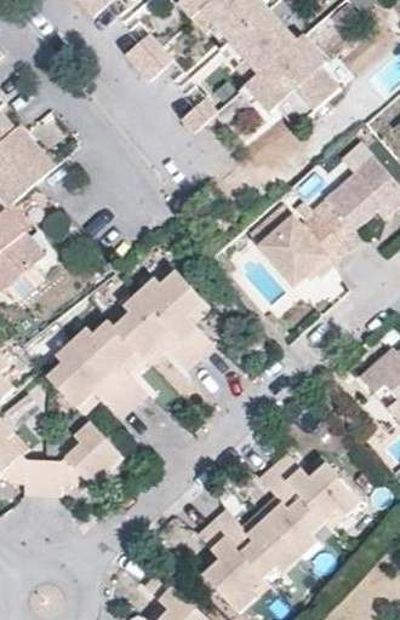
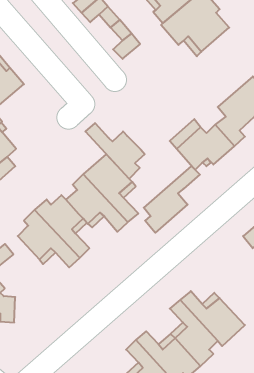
building: none -> [85,123,145,179]
building: none -> [144,166,200,233]
building: [42,420,125,496] -> none

